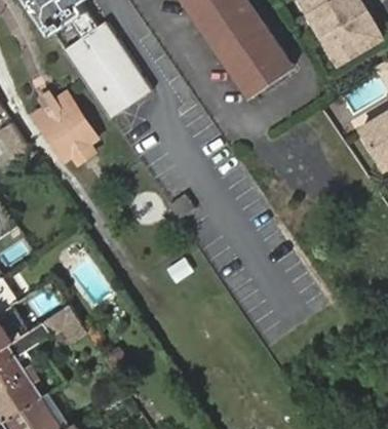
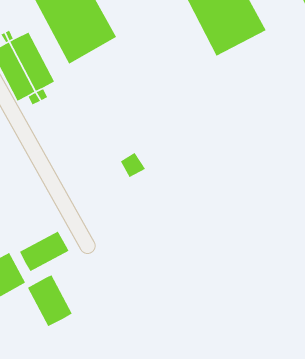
building: none -> [19,231,69,272]
building: none -> [27,274,73,327]

